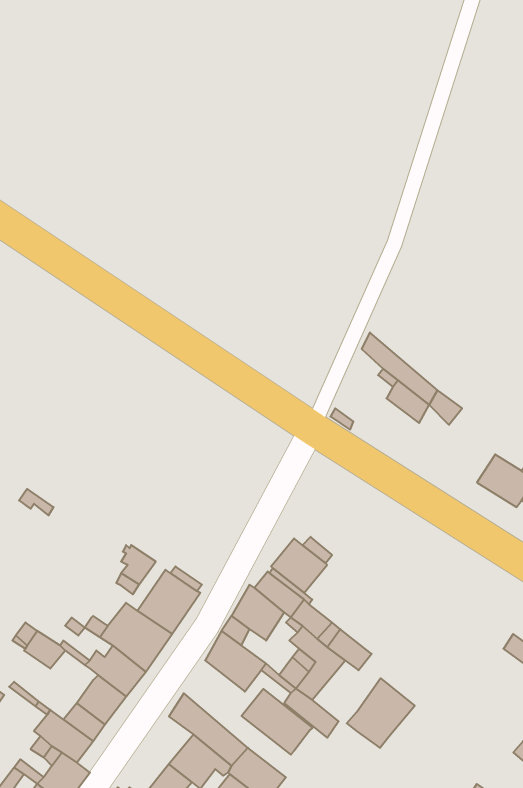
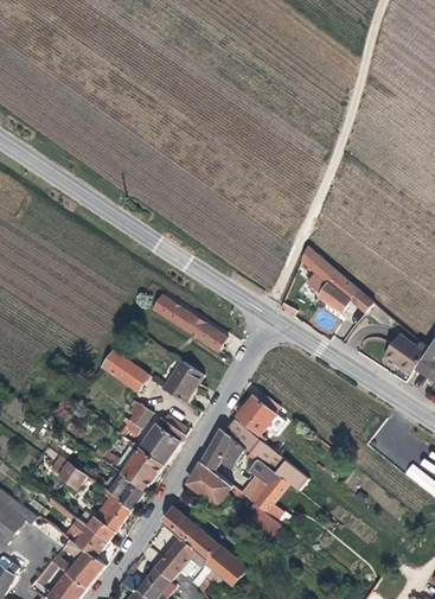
building: none -> [152,294,226,351]
building: none -> [100,349,148,391]
building: none -> [162,361,201,402]
building: [347,678,415,748] -> none
building: [242,689,313,755] -> none

